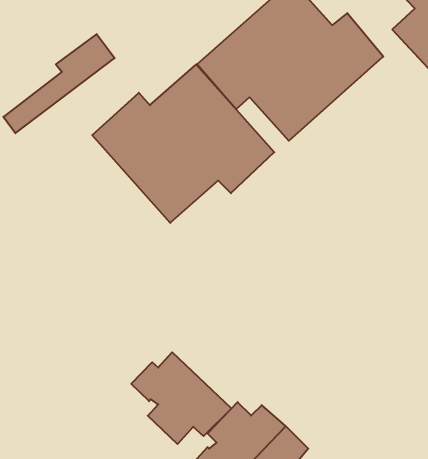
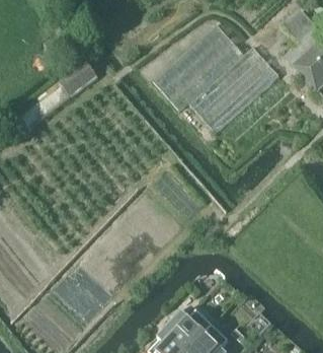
building: [92,64,274,223] -> none
building: [131,352,231,444] -> none

